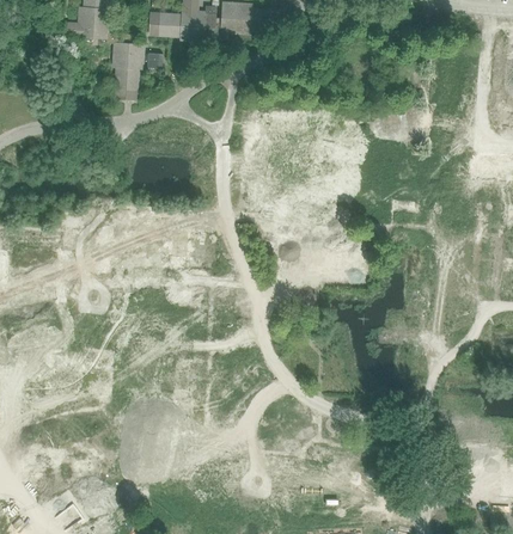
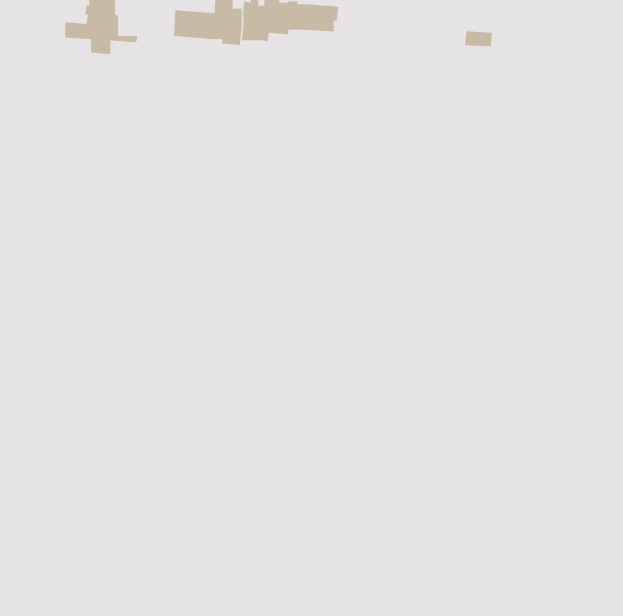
building: [99,31,160,98] -> none

